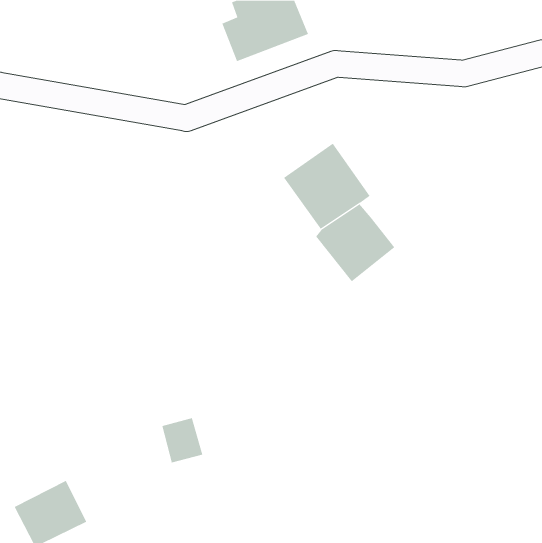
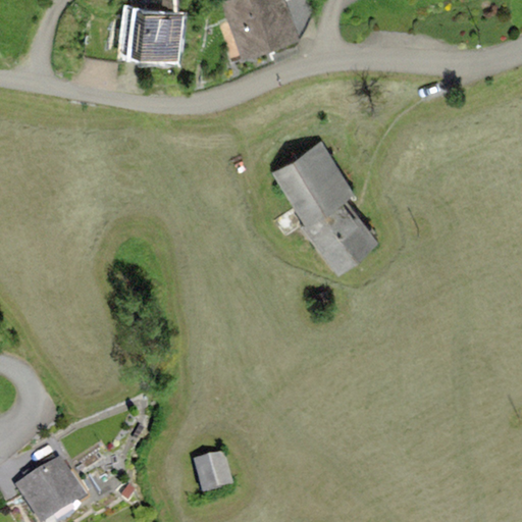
building: none -> [120,7,182,60]
building: [162,417,203,463] -> [195,452,234,495]

